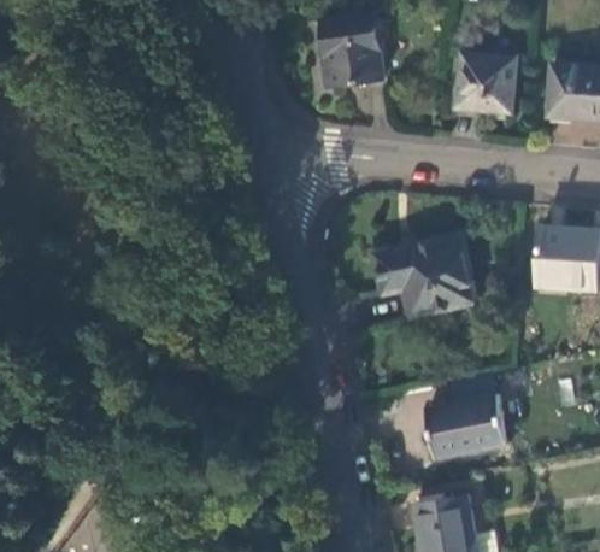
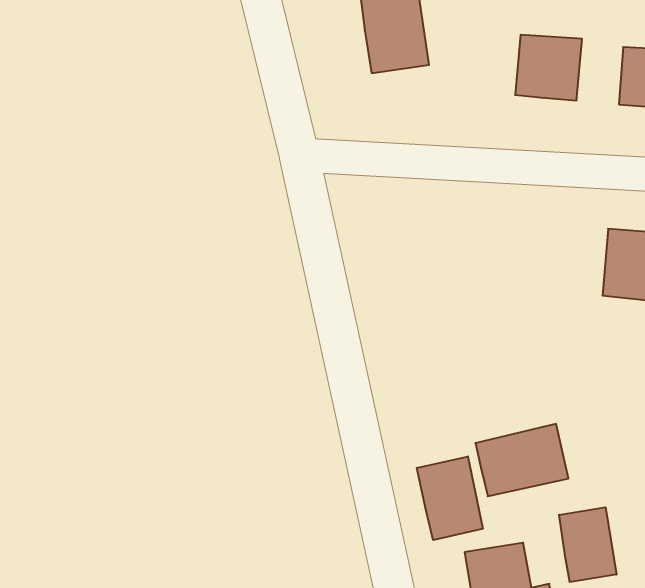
building: [372,236,473,319] -> none
building: none -> [417,456,483,540]
building: none -> [559,507,616,582]

